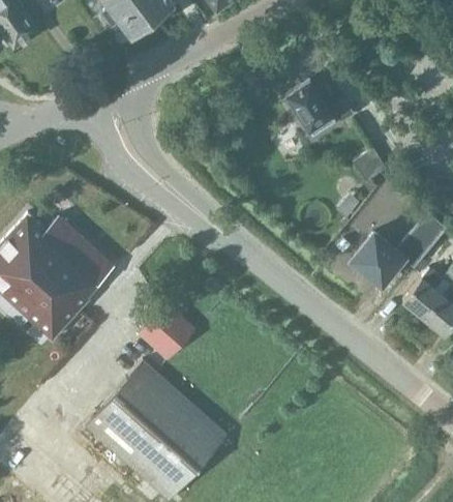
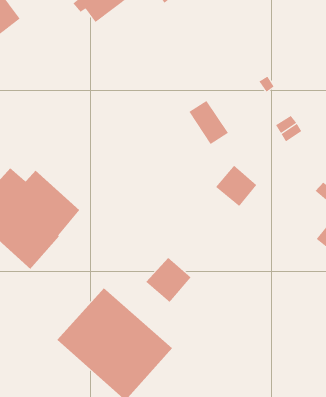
building: [286,81,336,136] -> [188,100,229,145]
building: [351,234,402,286] -> [215,165,257,207]
building: [140,303,197,359] -> [145,257,192,303]

